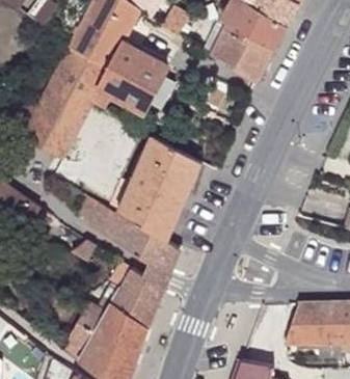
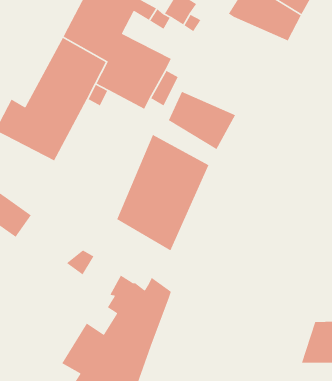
building: [211,28,273,82] -> [168,91,236,150]
building: [77,196,180,277] -> none

